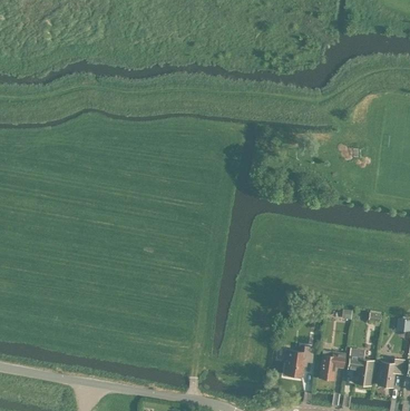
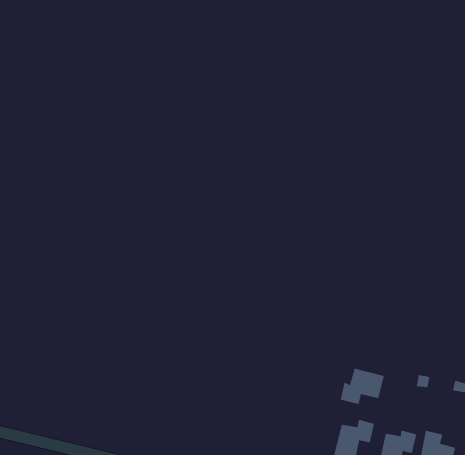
building: none -> [340,368,384,405]

